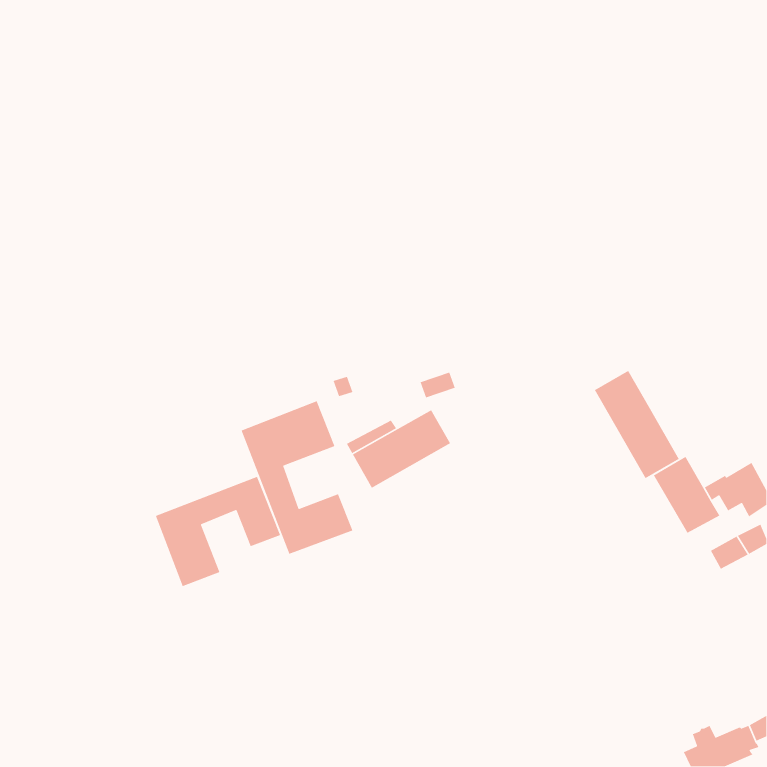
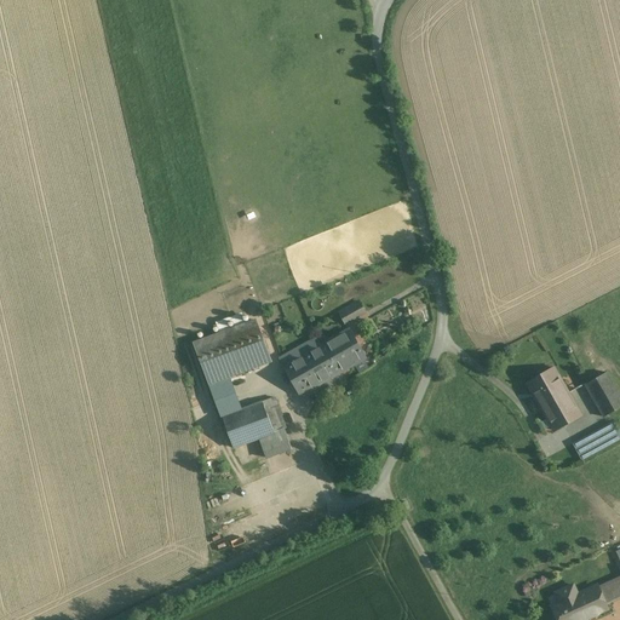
building: [594,370,680,479] -> none
building: [155,476,281,587] -> none

